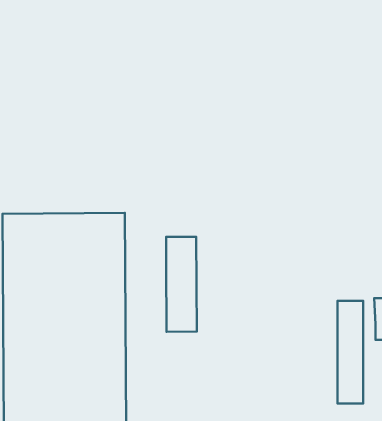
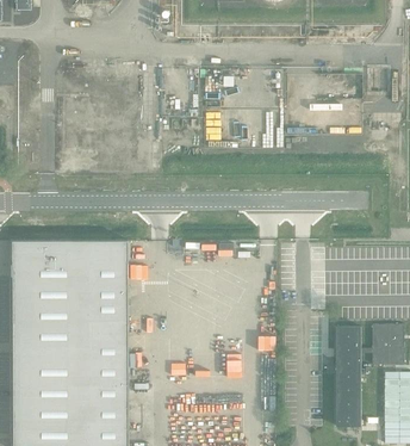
building: [166,237,197,332] -> none

